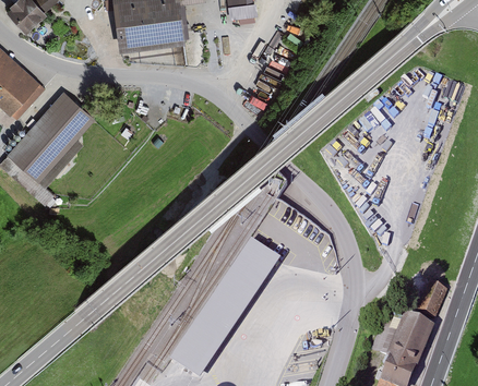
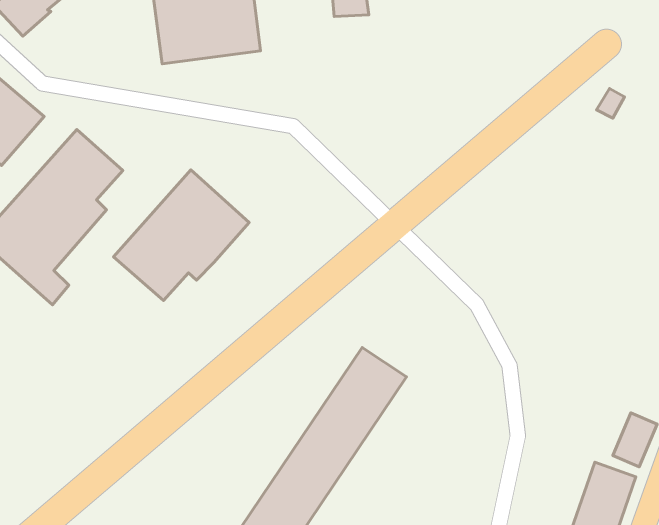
building: none -> [113,170,249,301]

